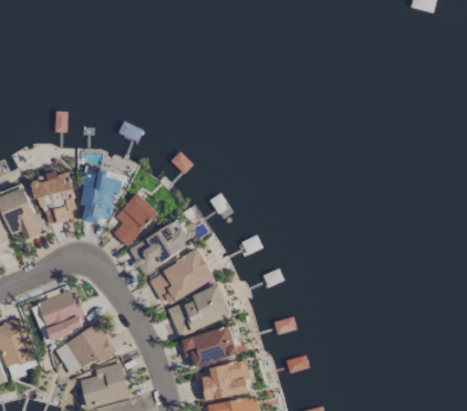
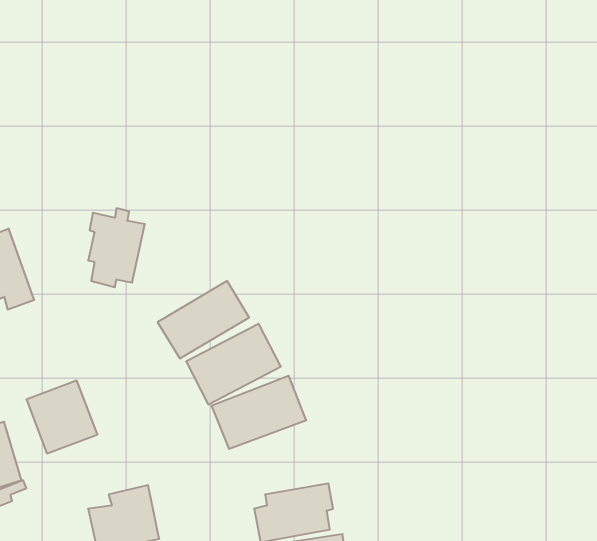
building: [38,172,77,223] -> none
building: [112,193,157,246] -> none
building: [54,323,115,375] -> none
building: [181,326,245,367] -> none

